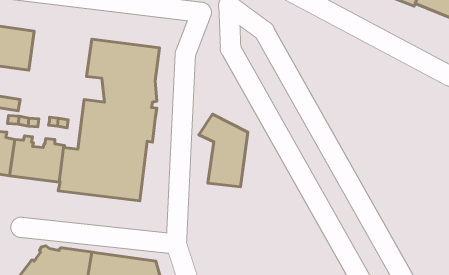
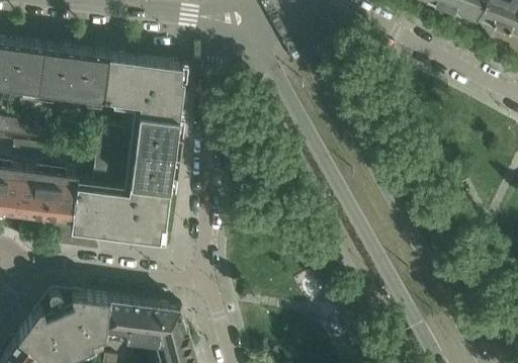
building: none -> [36,51,108,104]
building: [199,114,248,187] -> none

